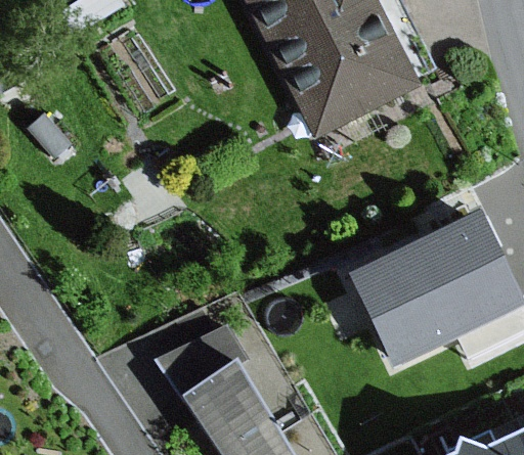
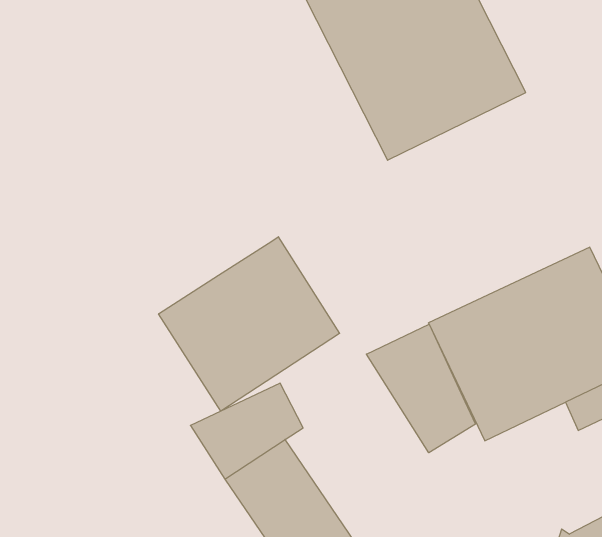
building: none -> [159,237,340,411]
building: none -> [366,324,476,453]

